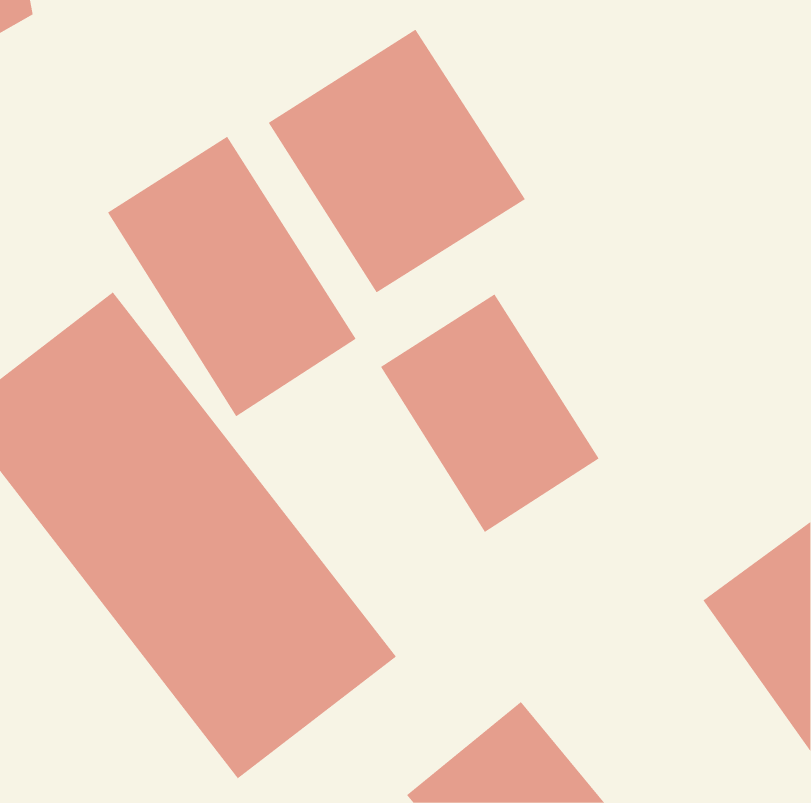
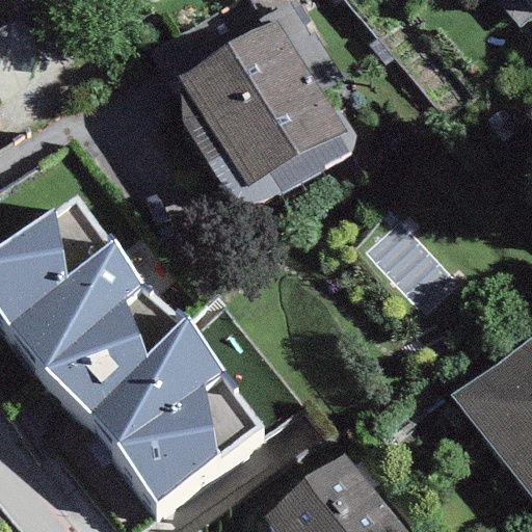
building: [107,136,357,417] -> none
building: [380,294,599,533] -> none

